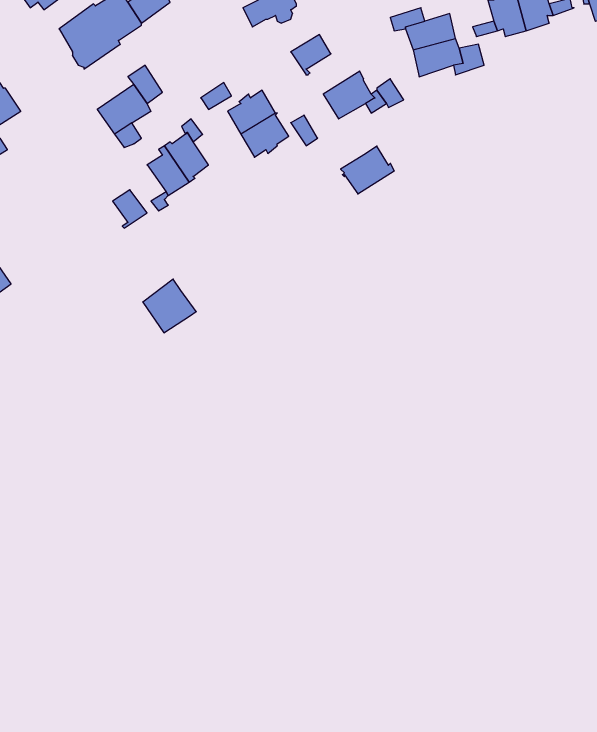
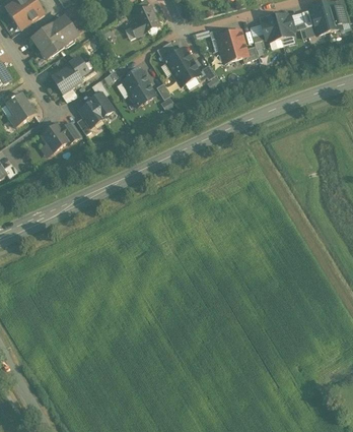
building: none -> [6,91,36,125]
building: [341,146,394,194] -> [163,45,192,70]
building: [143,279,196,333] -> [41,121,69,149]

